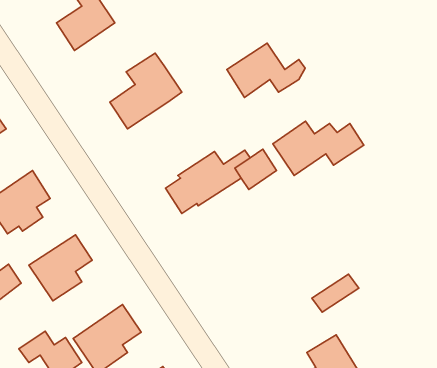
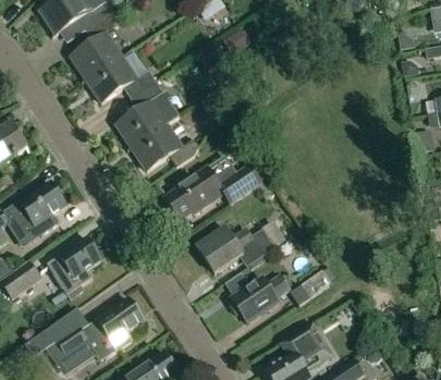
building: none -> [86,54,156,101]
building: [227,43,305,97] -> [132,123,199,170]
building: [273,121,364,175] -> [196,225,274,272]
building: none -> [228,275,289,322]

